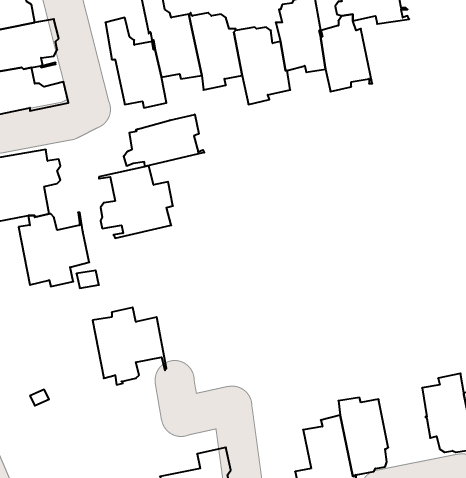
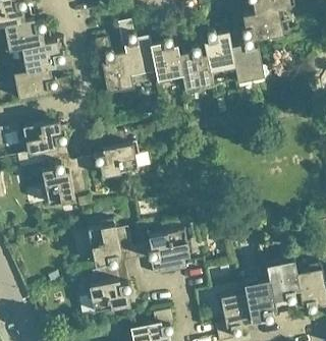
building: [124,114,204,167] -> none
building: none -> [142,230,192,278]
building: none -> [265,257,298,319]
building: none -> [84,267,133,314]

